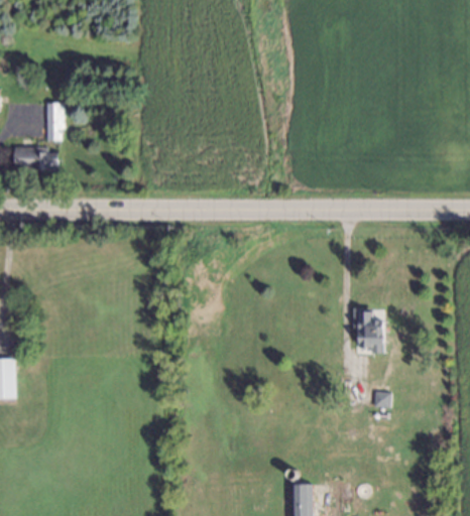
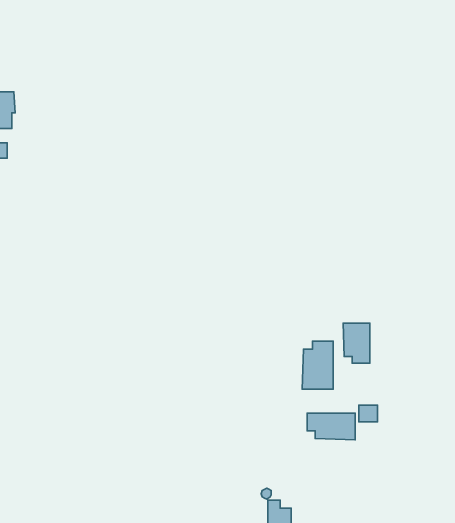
building: none -> [302,341,333,389]
building: none -> [307,413,355,440]

